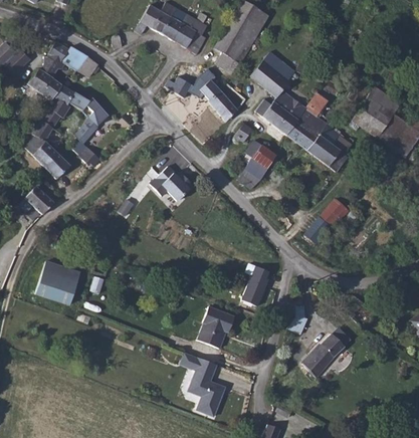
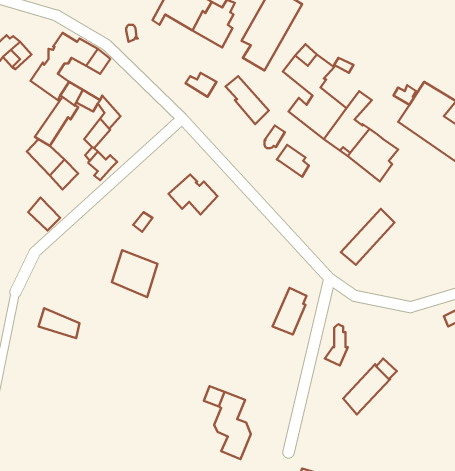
building: [238,154,267,189] -> none
building: [40,255,80,296] -> [112,250,157,297]
building: [197,305,234,348] -> none

